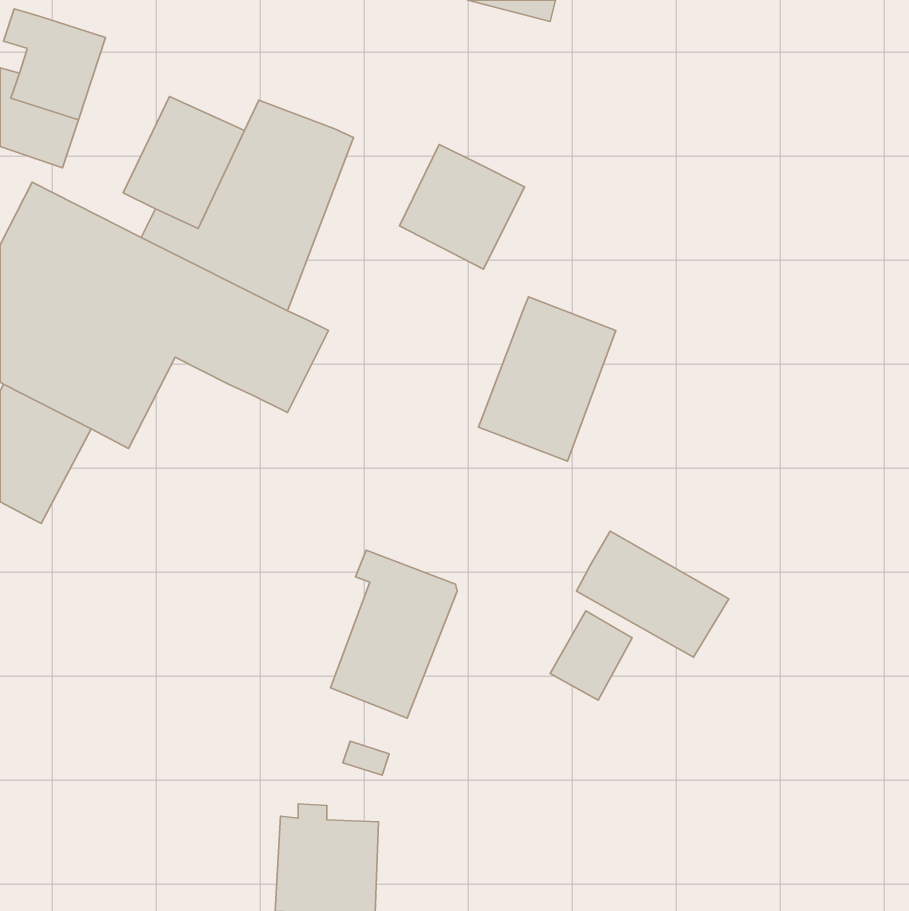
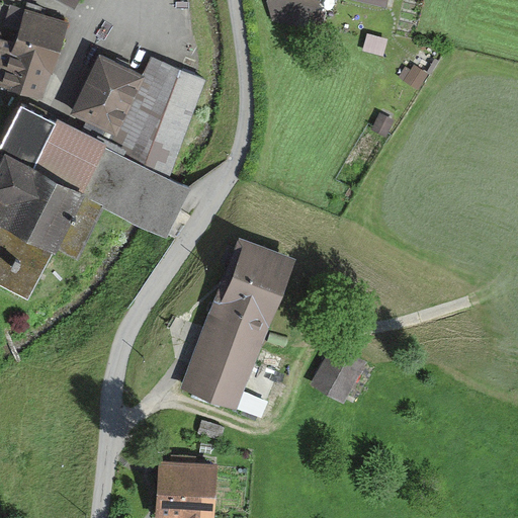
building: [400,145,524,269] -> none
building: [478,297,616,461] -> [209,239,287,332]
building: [576,531,729,657] -> none

